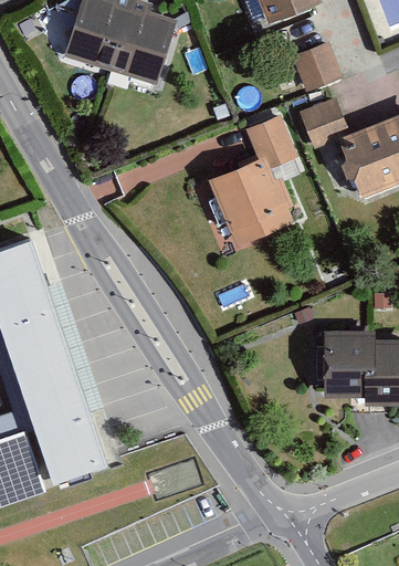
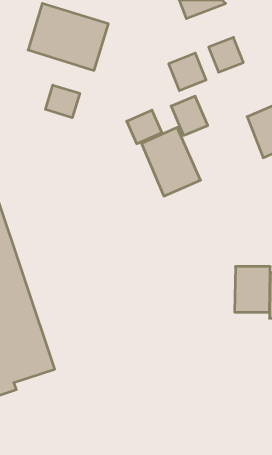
building: [298,101,345,147] -> [169,53,206,91]
building: none -> [45,85,80,118]
building: none -> [127,110,162,144]

